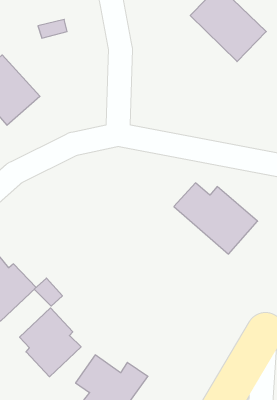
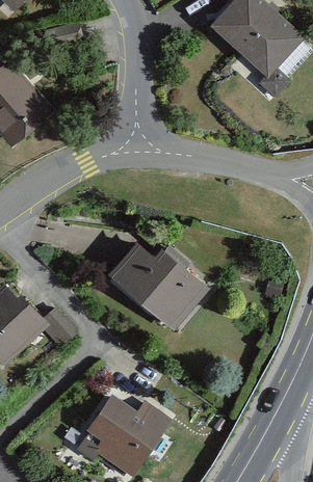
building: [174,183,258,254] -> [113,246,206,325]
building: [20,308,81,377] -> none

